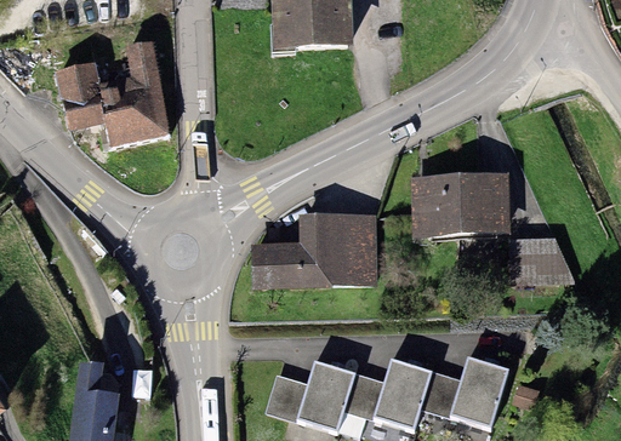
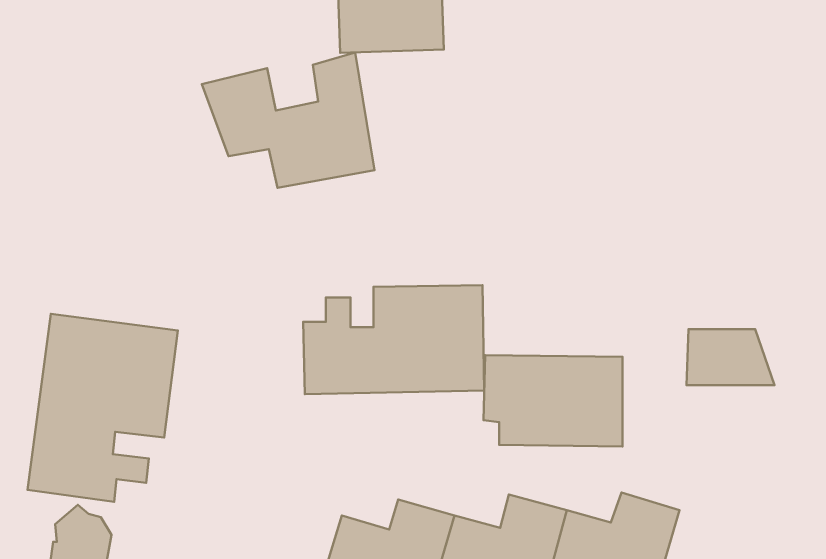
building: [51,57,170,150] -> [202,52,374,188]
building: [410,174,506,237] -> [483,355,622,447]
building: none -> [27,314,178,502]

